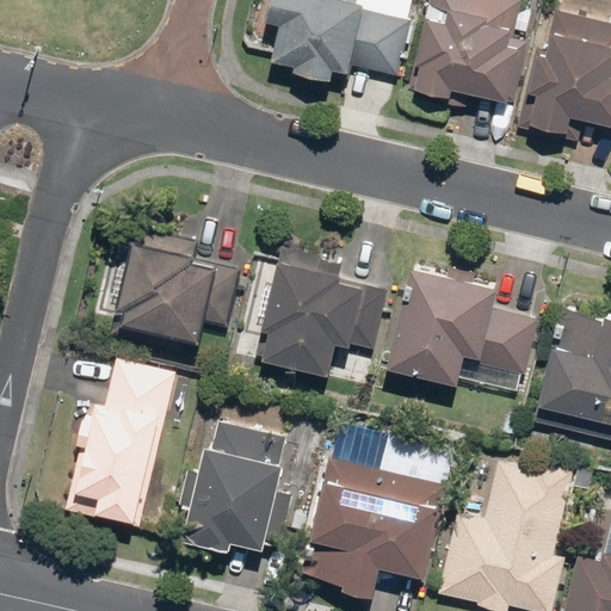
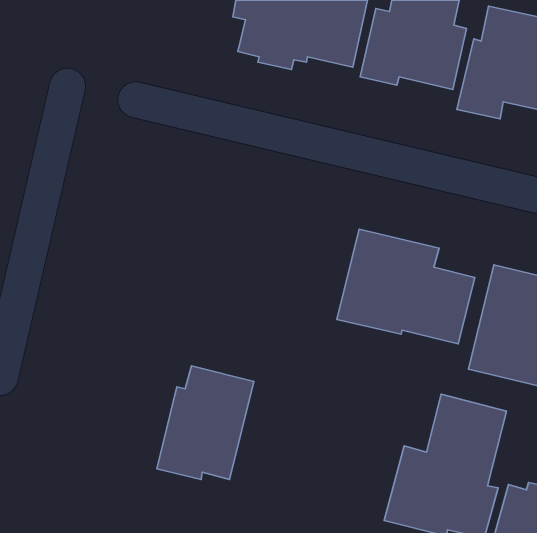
building: [109,226,243,357] -> none
building: [257,246,389,374] -> none
building: [63,358,177,529] -> none
building: [301,457,449,591] -> none

